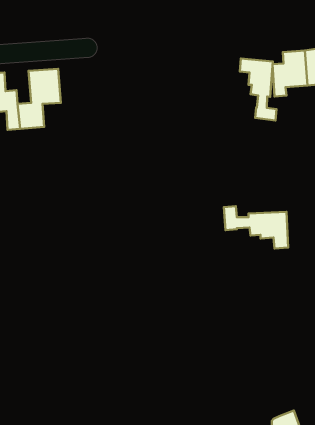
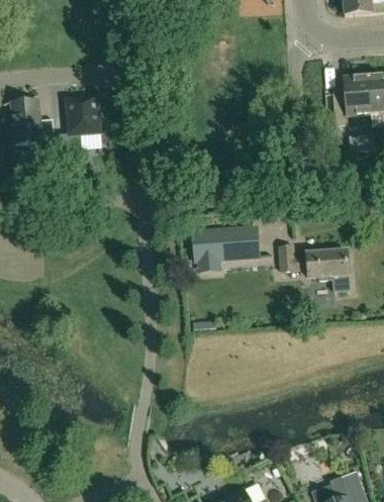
building: [240,58,277,120] -> none
building: none -> [193,227,260,260]

